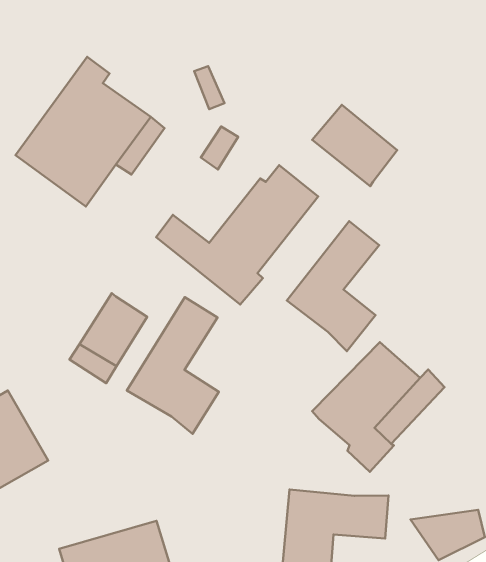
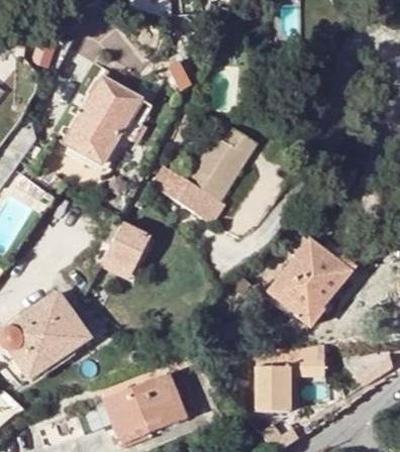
building: [312,105,397,186] -> none
building: [287,221,379,351] -> none
building: [127,297,219,434] -> none

